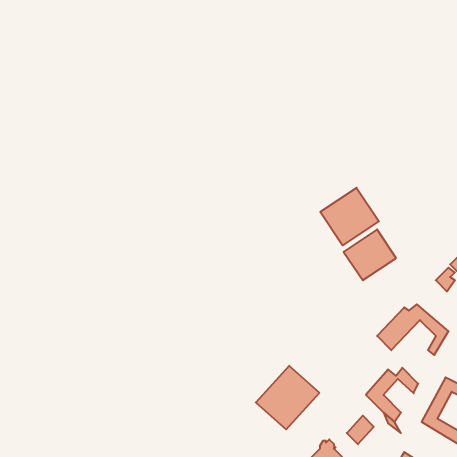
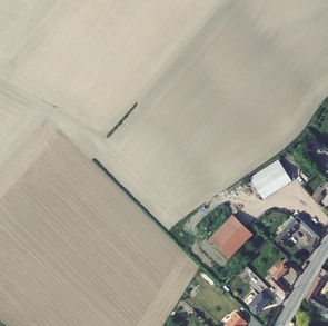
building: [320,188,379,245] -> none
building: [256,366,319,429] -> [208,215,252,259]

